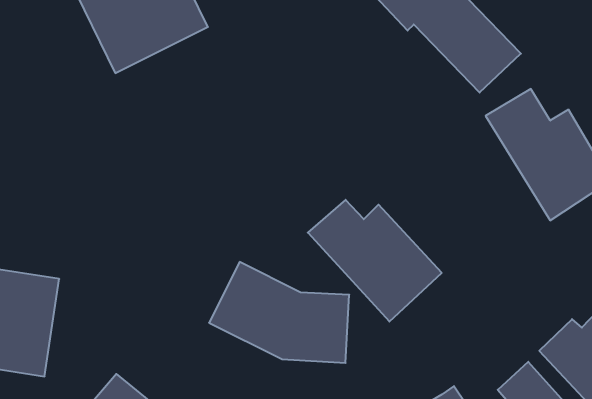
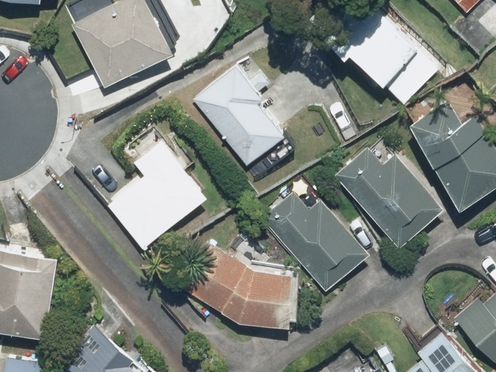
building: none -> [190,64,295,180]
building: none -> [107,142,208,251]
building: none -> [336,151,443,247]

